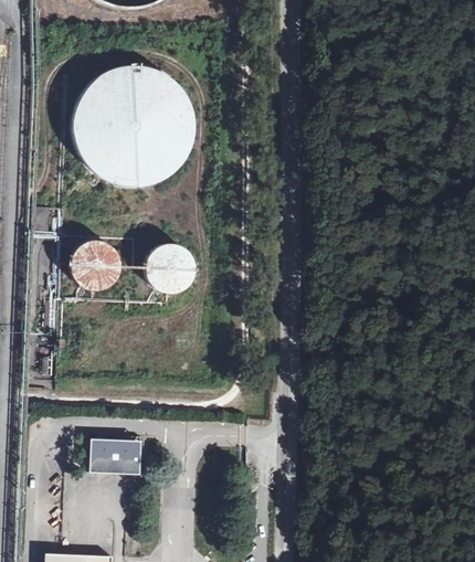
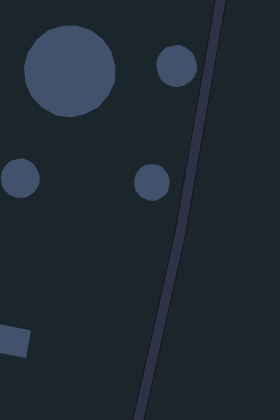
building: none -> [156,44,197,88]
building: [149,242,194,288] -> [133,164,171,201]

